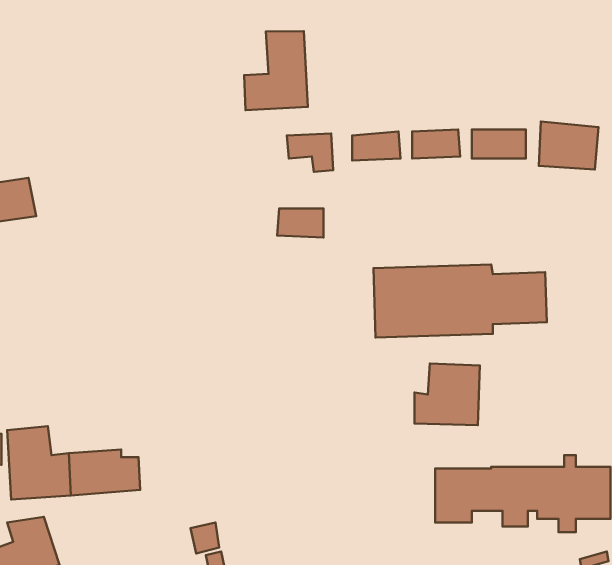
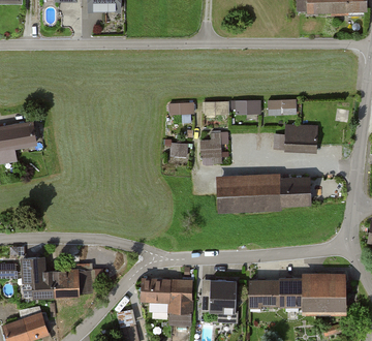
building: [244,31,308,110] -> none
building: [539,121,599,170] -> [284,126,316,152]
building: none -> [202,134,220,163]
building: [414,364,480,425] -> [203,279,238,312]
building: none -> [142,279,193,323]

